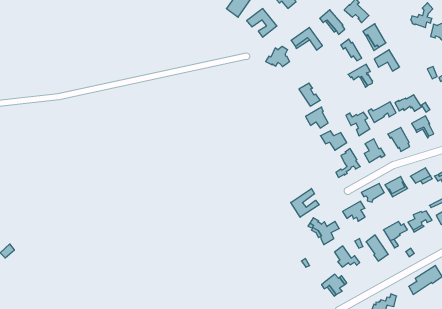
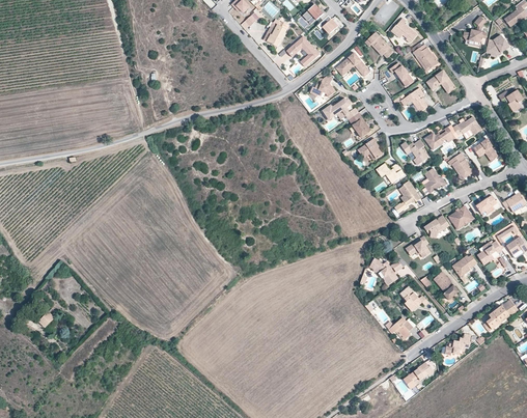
building: none -> [322,99,359,121]
building: [291,188,319,217] -> none

